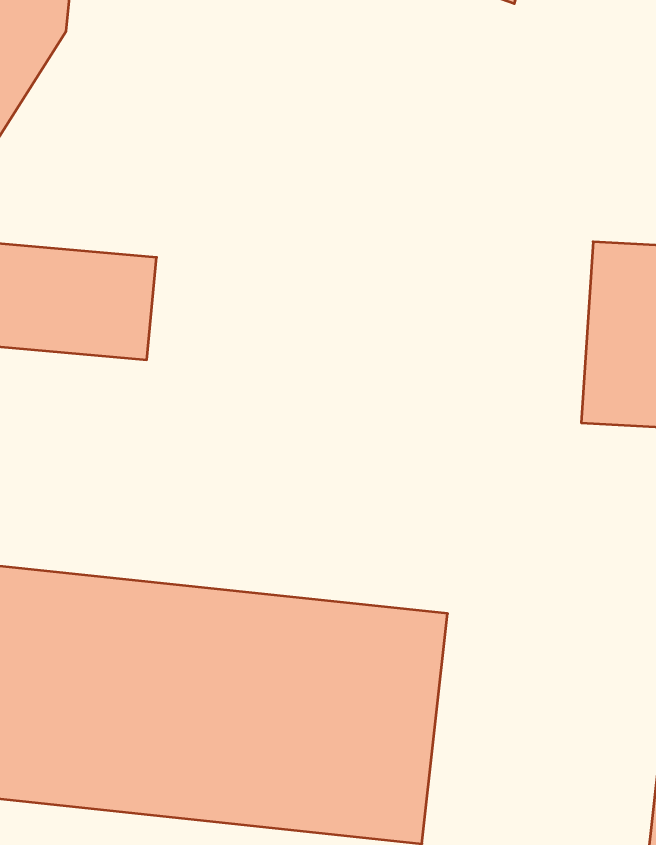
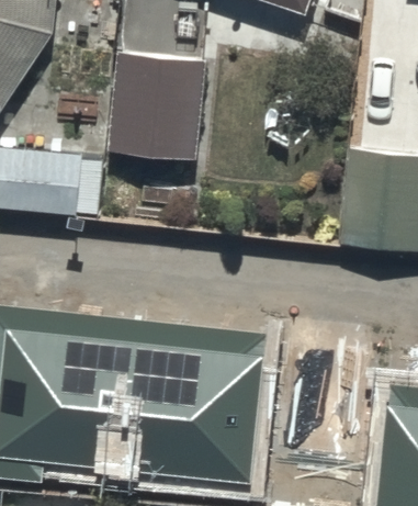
building: none -> [108,52,201,159]

